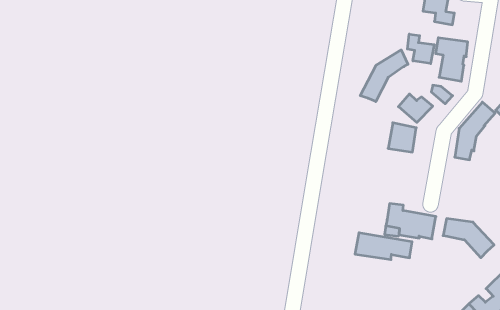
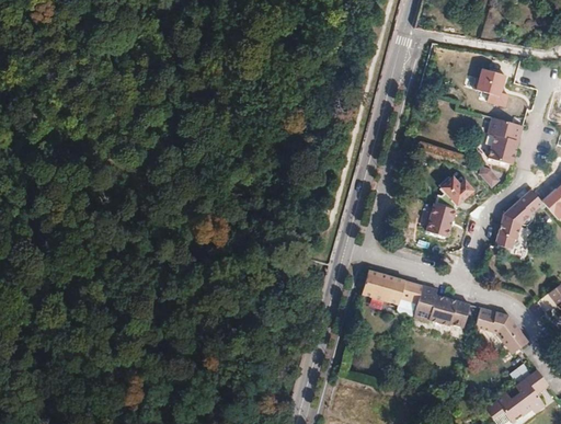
building: [407,34,434,64] -> none
building: [360,50,408,102] -> none
building: [355,233,412,260] -> [360,272,422,303]

